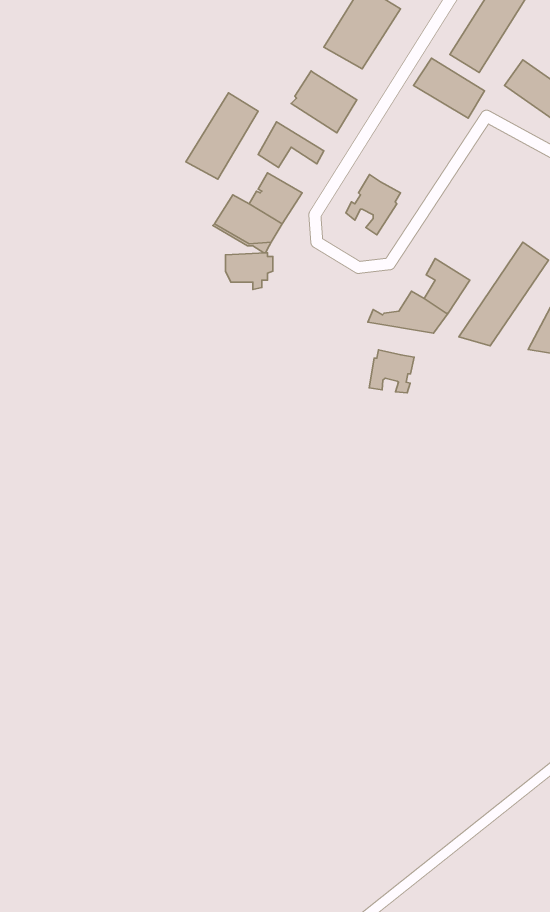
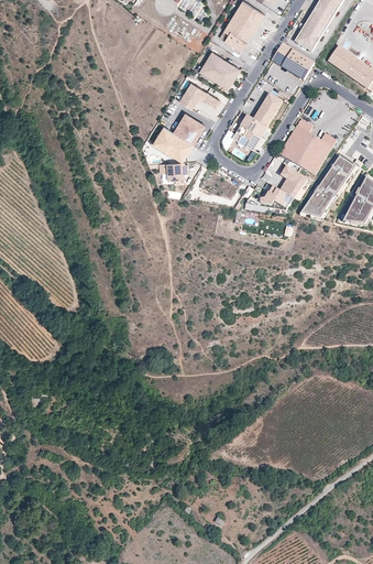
building: [186,93,258,179] -> none
building: none -> [252,93,281,126]
building: none -> [279,118,337,175]
building: [369,350,414,393] -> none

